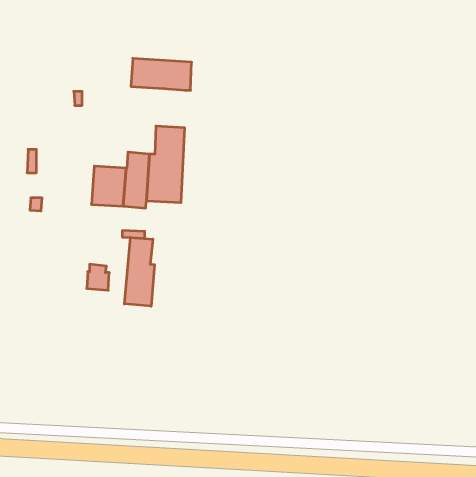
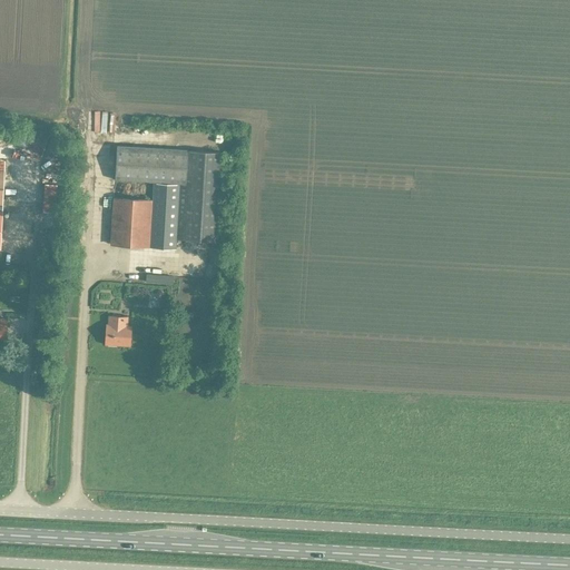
building: [131,58,192,90] -> [114,146,186,184]
building: [124,237,154,306] -> none

